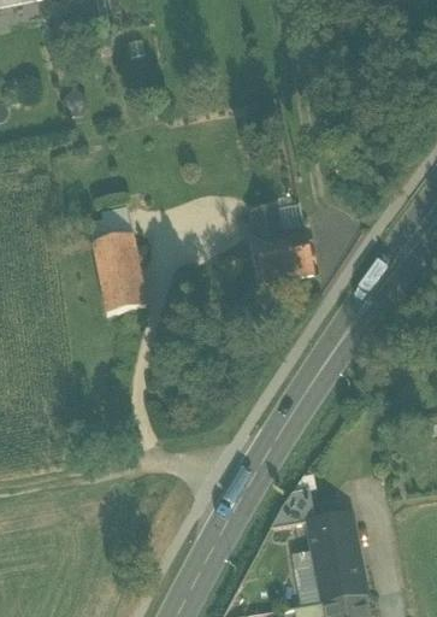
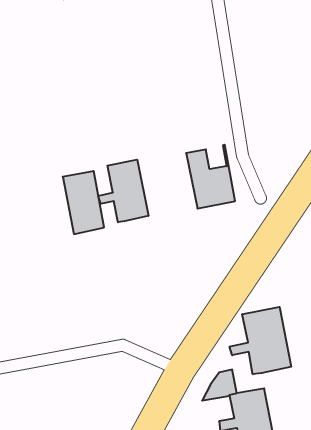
building: none -> [98,160,148,222]
building: none -> [230,307,291,374]

